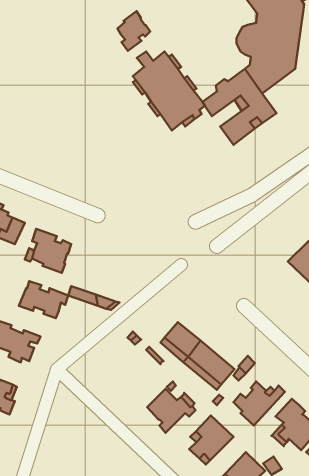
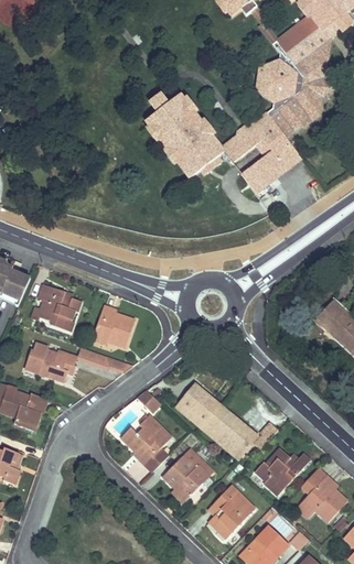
building: [117,11,150,51] -> none
building: none -> [95,306,135,346]
building: none -> [120,414,171,471]

